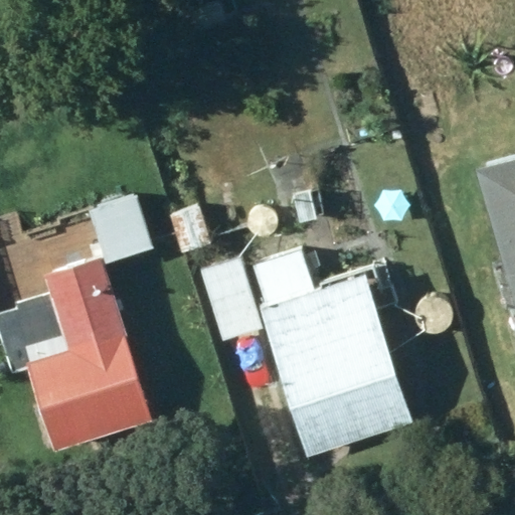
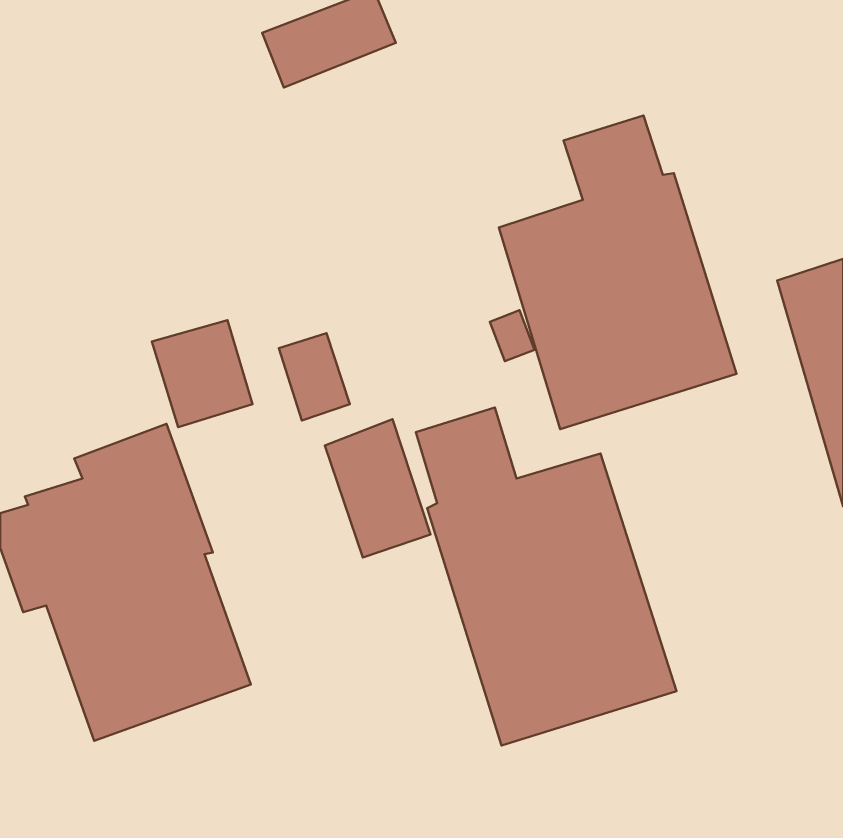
building: none -> [499,115,736,429]

